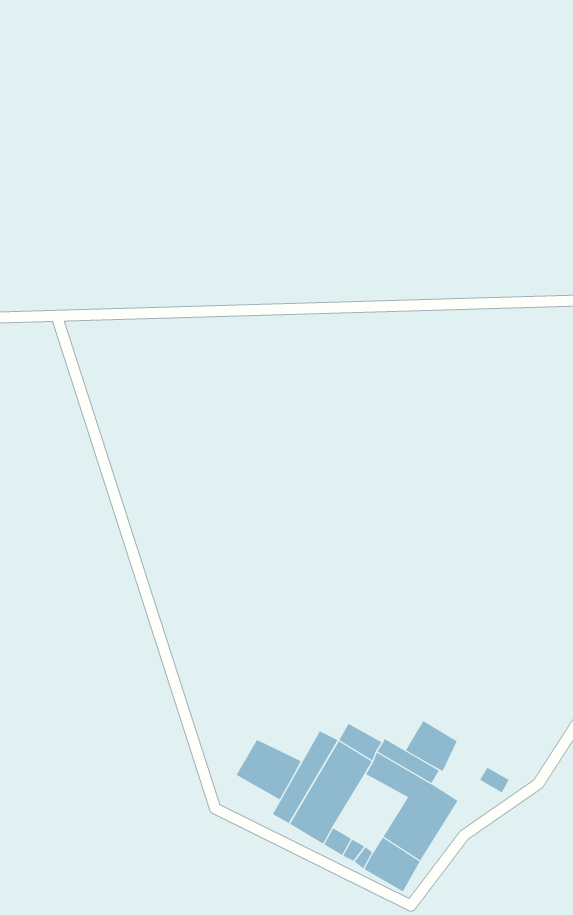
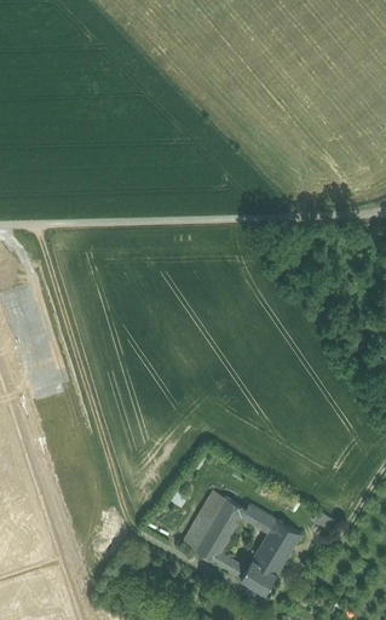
building: [405,720,458,772] -> none
building: [236,739,302,800] -> none

